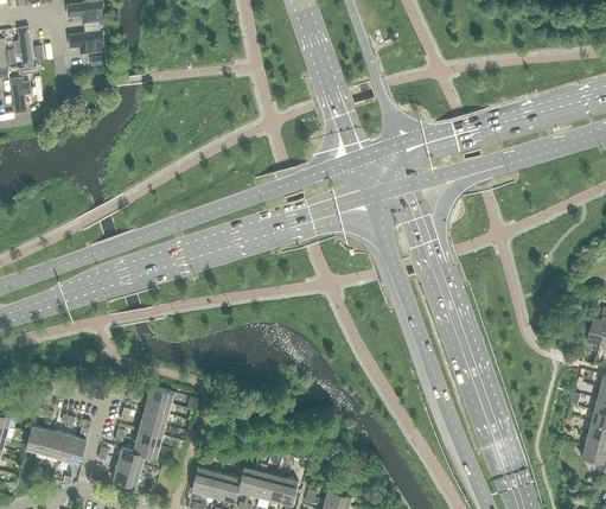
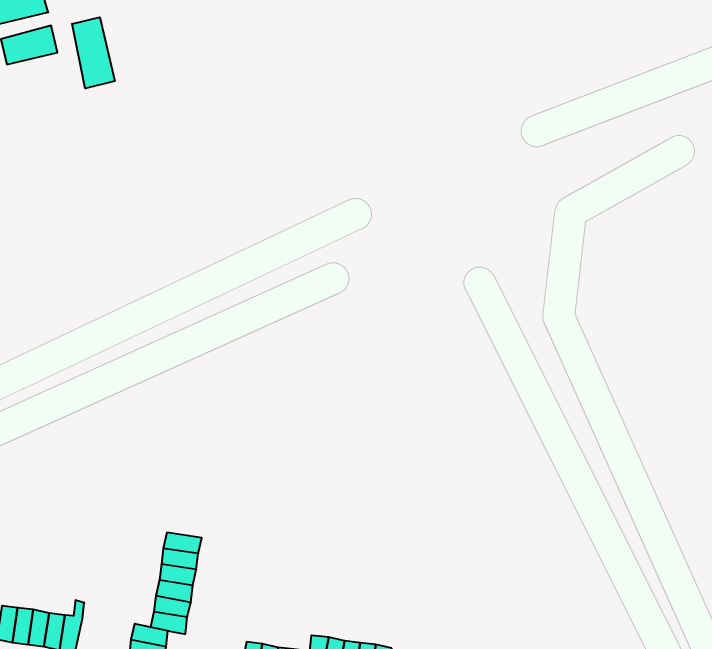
building: none -> [72,17,115,88]

